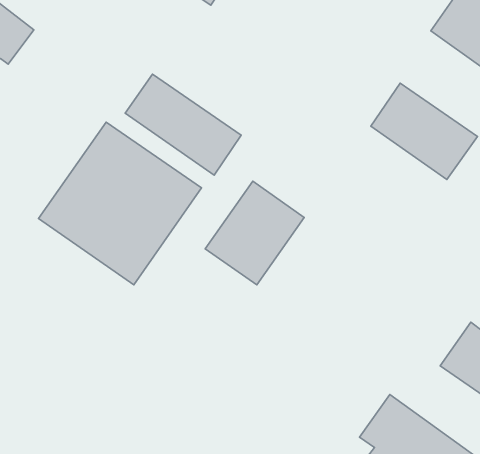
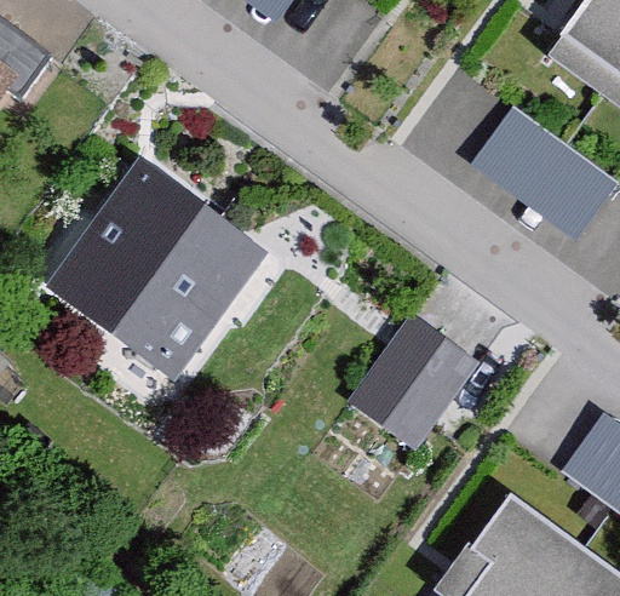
building: [125,74,241,175] -> none
building: [205,181,304,285] -> [349,319,475,451]

